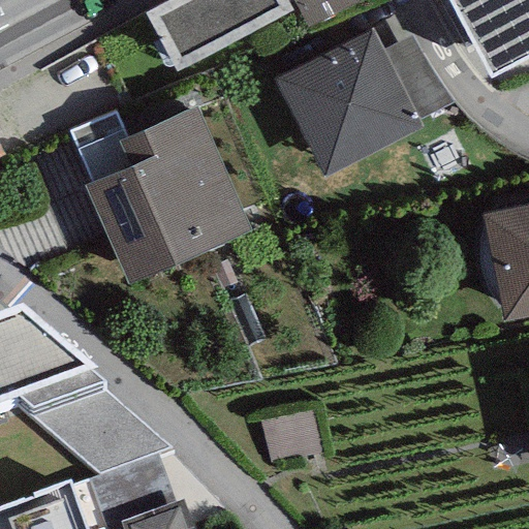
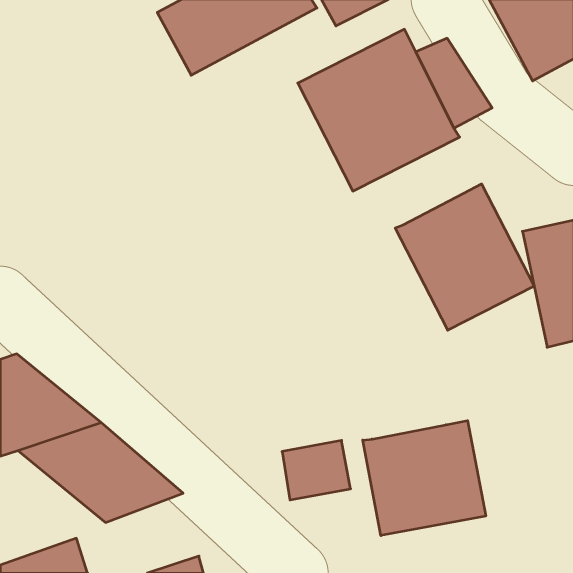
building: [82,106,251,282] -> none
building: none -> [395,184,534,330]
building: none -> [363,421,486,536]

